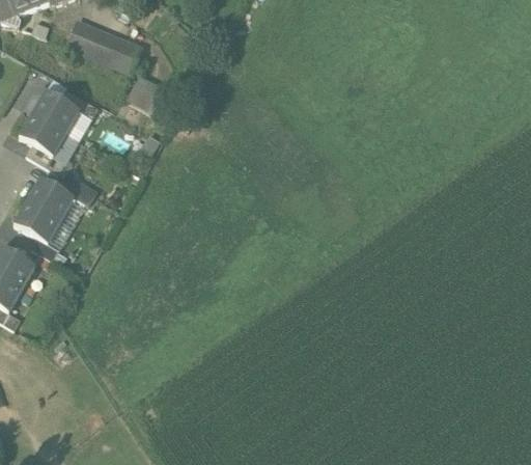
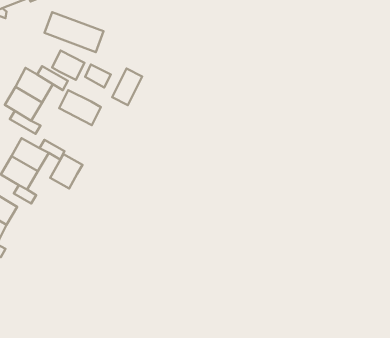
building: none -> [52,50,84,80]
building: none -> [112,68,142,105]
building: none -> [59,90,101,125]
building: none -> [50,154,82,189]

